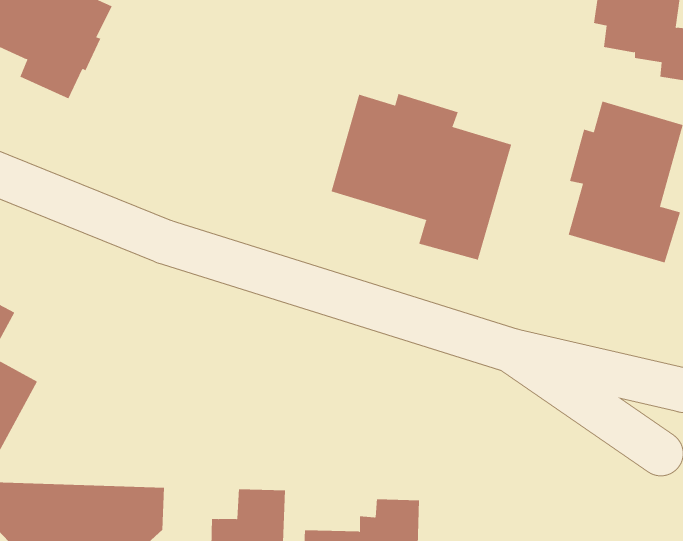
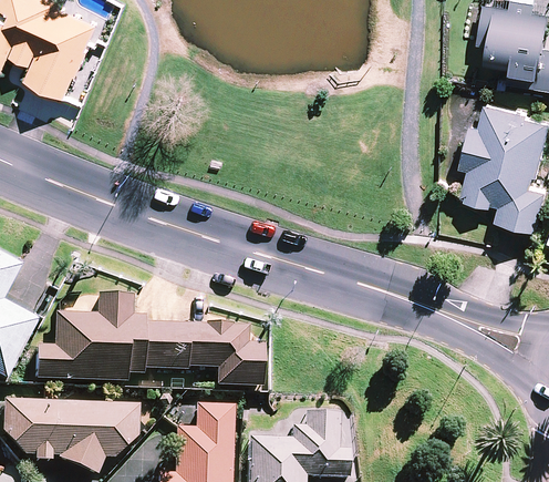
building: [331,93,512,260] -> none
building: none -> [38,294,265,386]

